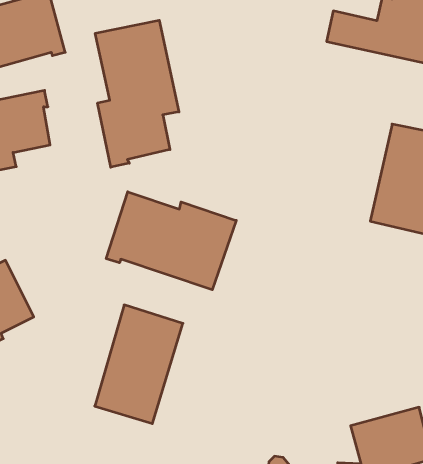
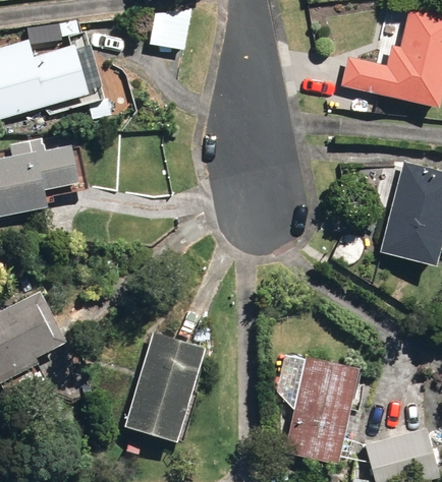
building: [95,20,179,167] -> none
building: [106,192,236,290] -> none
building: none -> [285,356,361,465]

